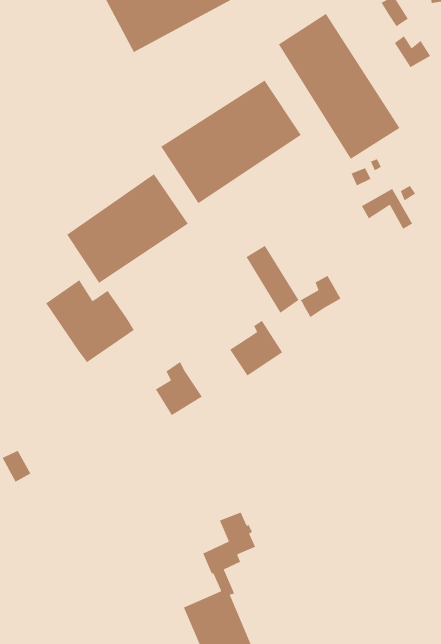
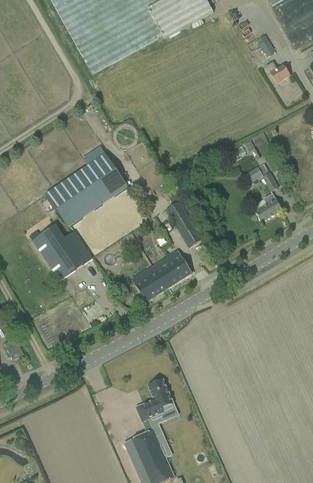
building: [278,13,401,160] -> none
building: [160,79,302,204] -> none
building: [300,275,341,318] -> [254,193,282,222]
building: [155,361,203,416] -> [135,264,167,301]

